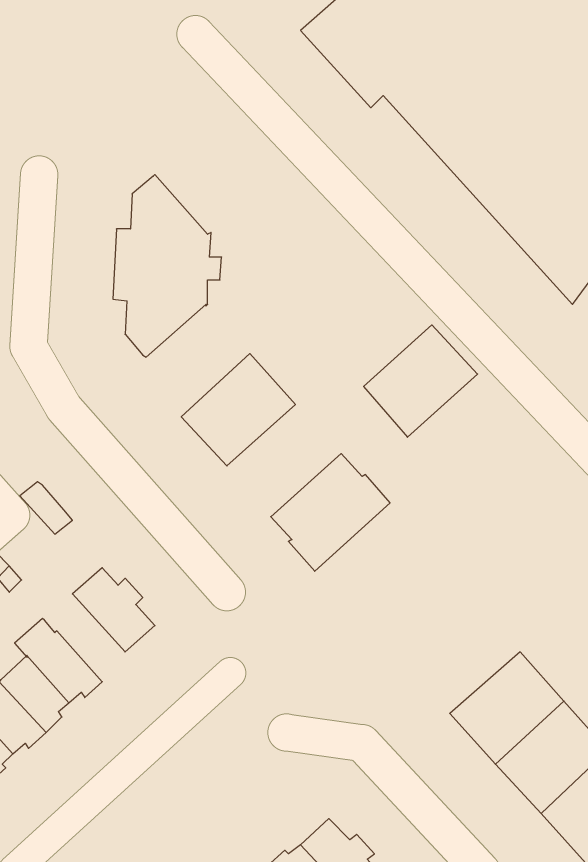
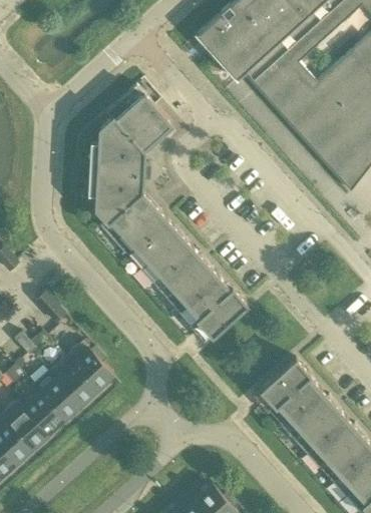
building: none -> [106,84,172,150]
building: none -> [100,190,166,254]
building: [364,325,478,437] -> [153,247,219,312]
building: none -> [49,356,95,406]
building: none -> [253,358,321,424]

